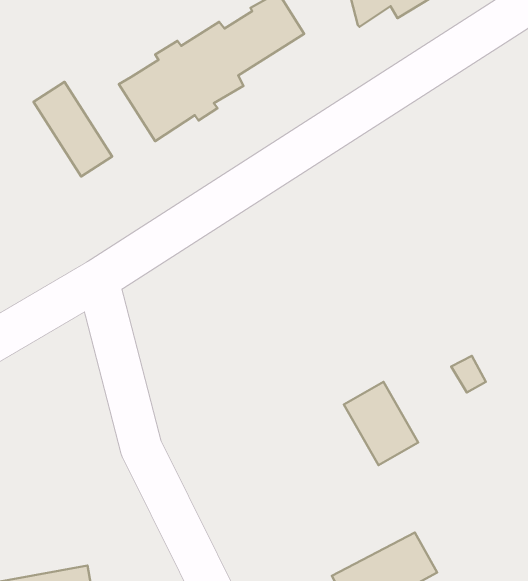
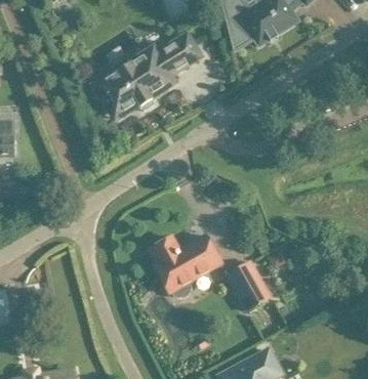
building: [34,82,112,177] -> none
building: none -> [150,233,221,295]

